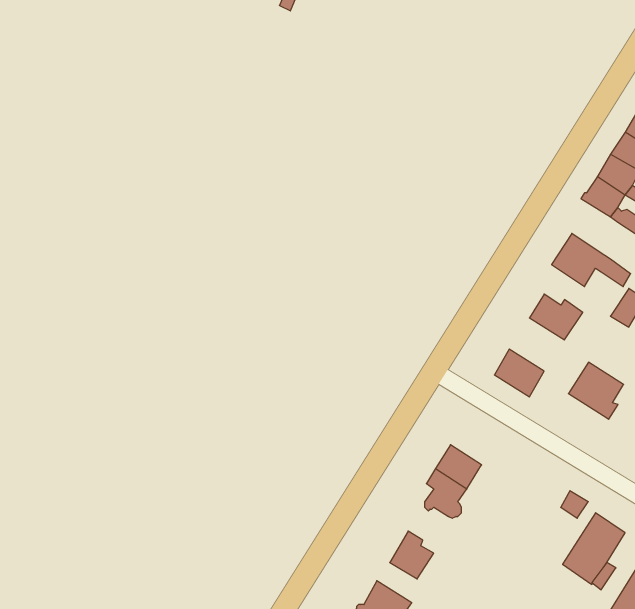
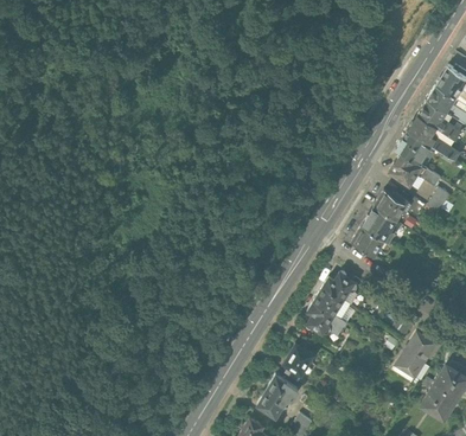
building: none -> [396,129,432,164]
building: [568,362,624,419] -> [362,206,397,243]
building: none -> [324,271,358,301]

